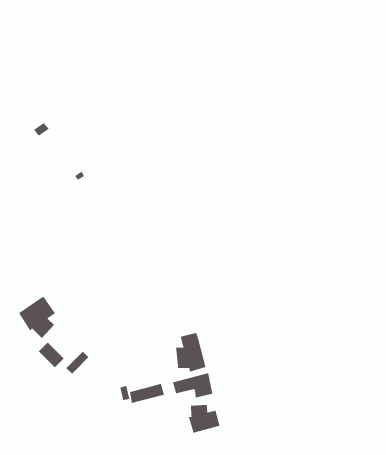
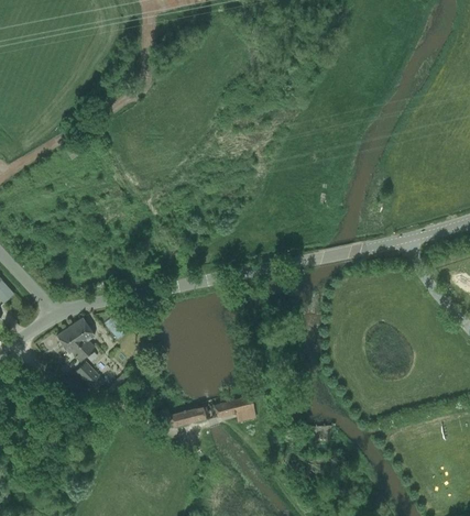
building: [175,332,206,373] -> none
building: [188,404,220,433] -> none

